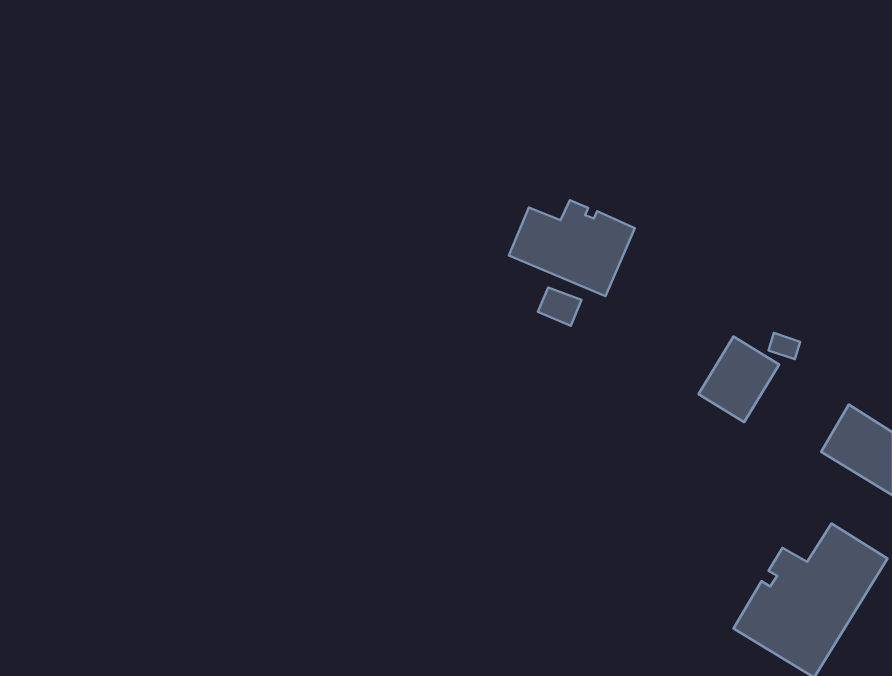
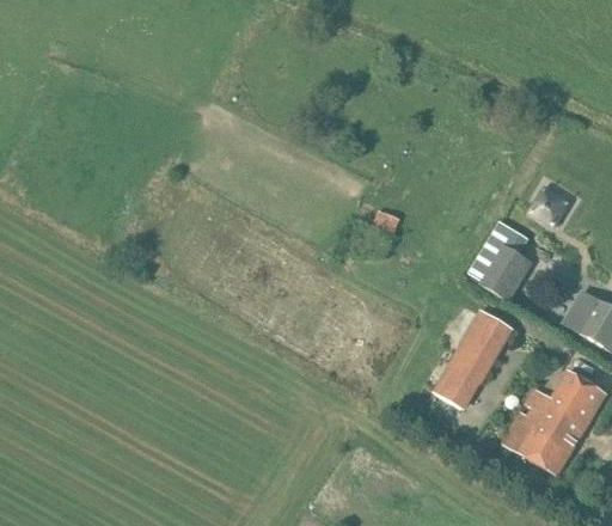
building: [509,200,635,296] -> none
building: none -> [433,307,514,408]

